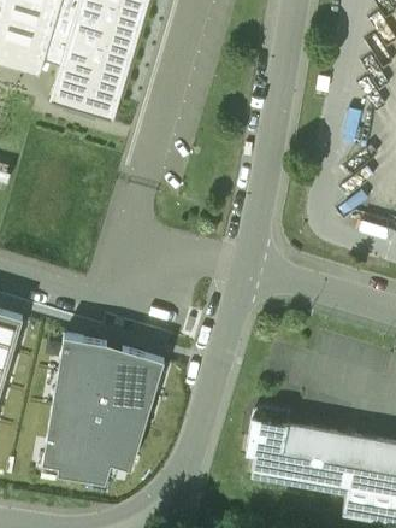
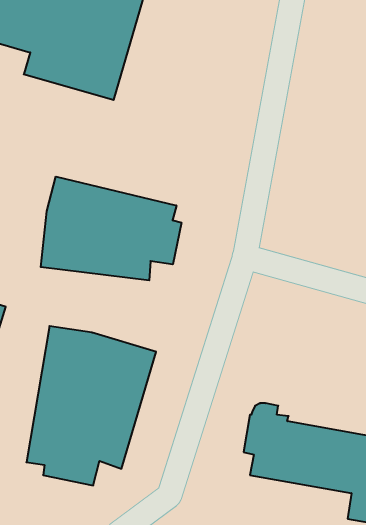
building: none -> [41,177,181,280]

